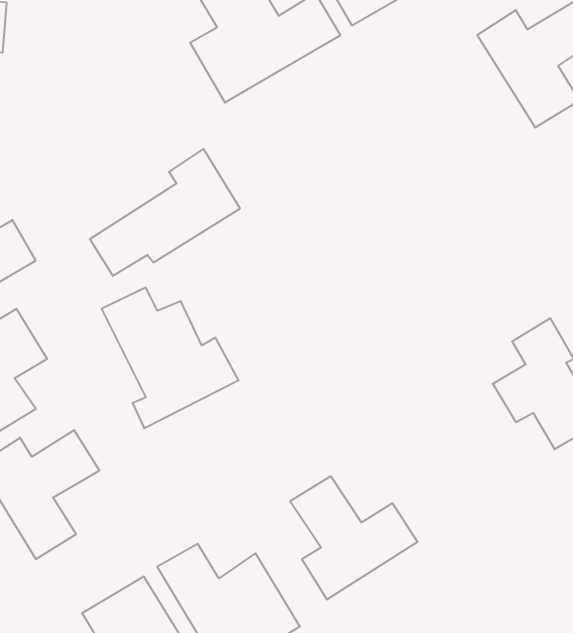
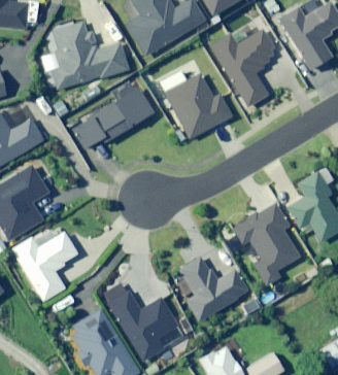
building: none -> [43,22,129,89]
building: none -> [211,27,277,107]
building: [102,288,239,428] -> [159,67,232,142]
building: none -> [234,202,301,285]

